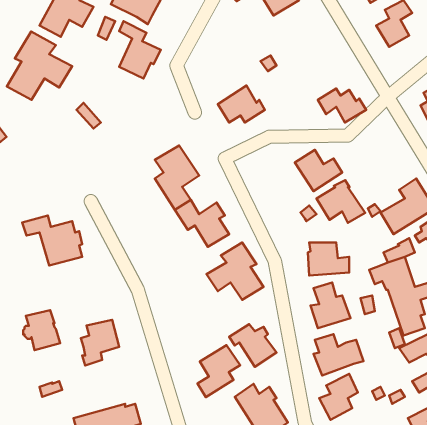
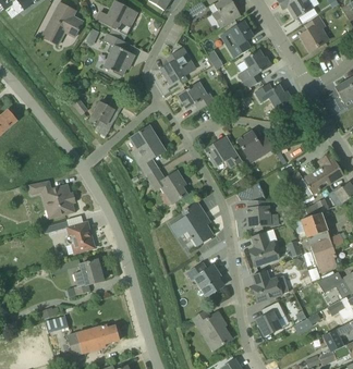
building: none -> [220,21,254,58]
building: [7,32,72,100] -> none
building: none -> [162,47,193,83]
building: none -> [238,50,271,88]
building: none -> [89,100,119,134]
building: [317,180,365,223] -> [206,135,243,168]
building: [23,310,60,350] -> [66,222,95,253]
building: [197,345,240,397] -> none

